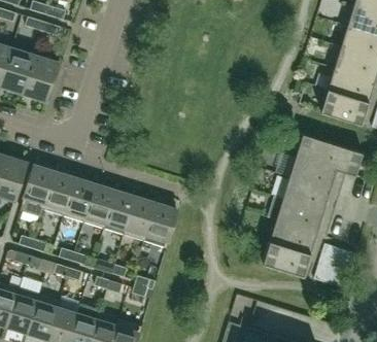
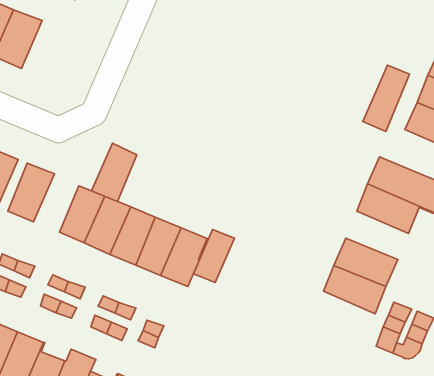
building: [23,55,58,100] -> none
building: none -> [363,65,409,131]
building: [43,171,75,215] -> [92,143,137,201]
building: [283,177,331,211] -> none
building: none -> [193,230,234,283]
building: [263,241,311,276] -> none

